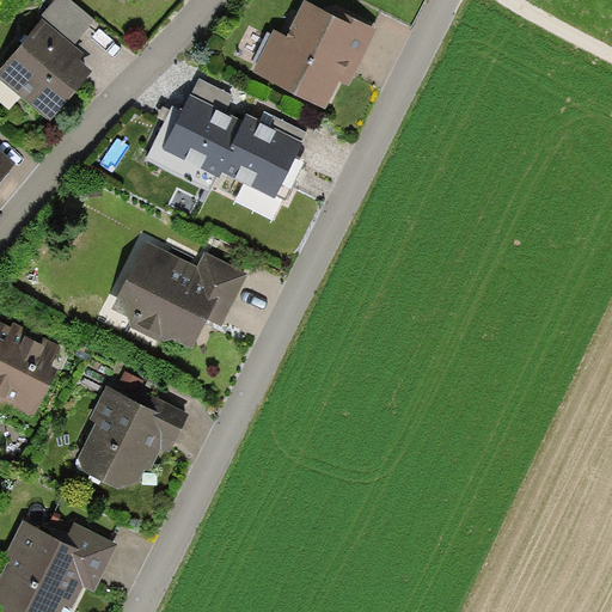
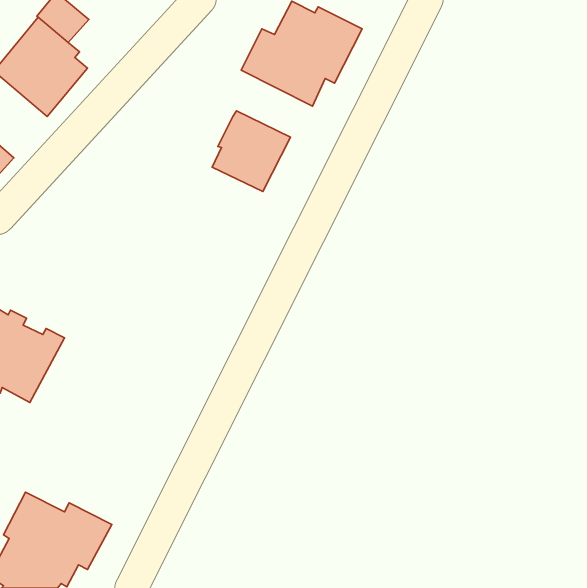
building: [160,94,241,178] -> none
building: [110,240,246,349] -> none
building: [76,386,188,490] -> none

